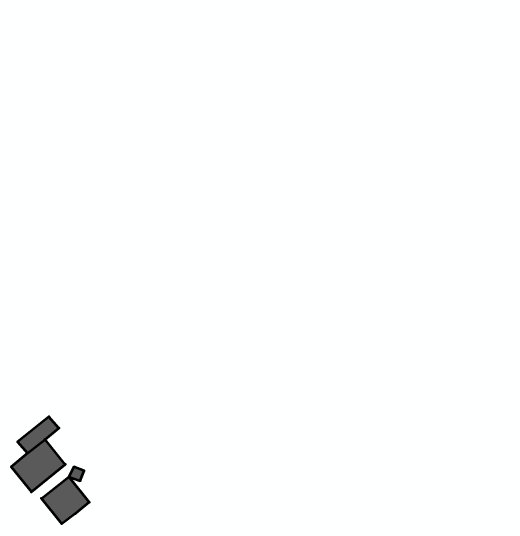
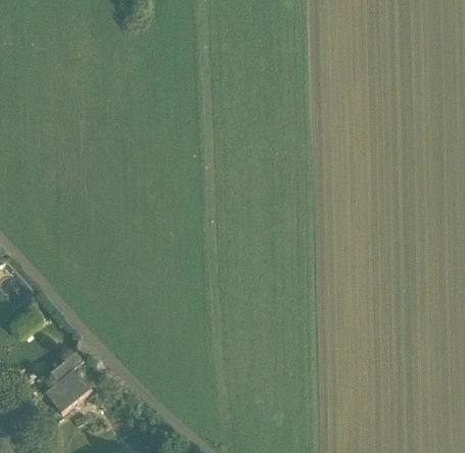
building: [41,477,89,524] -> none

